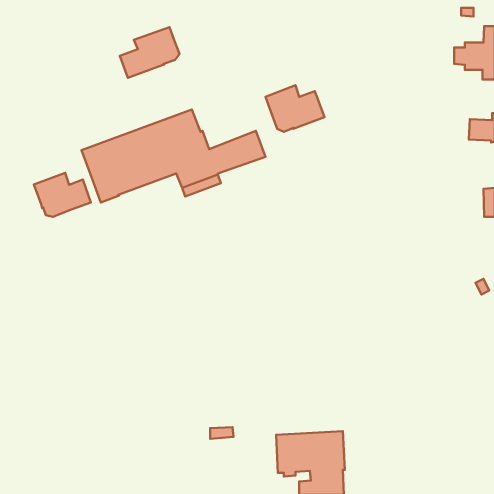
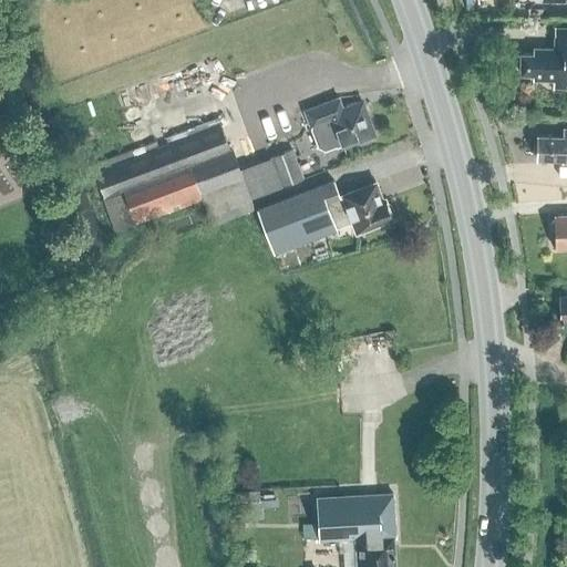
building: [120,27,179,78] -> none
building: none -> [257,182,394,255]
building: [34,173,91,217] -> none

